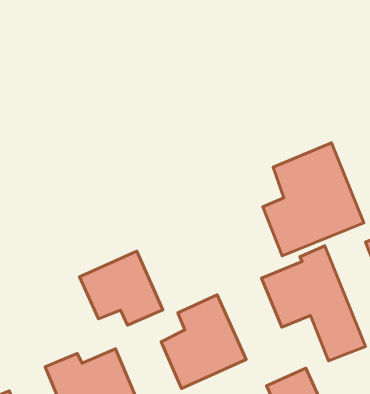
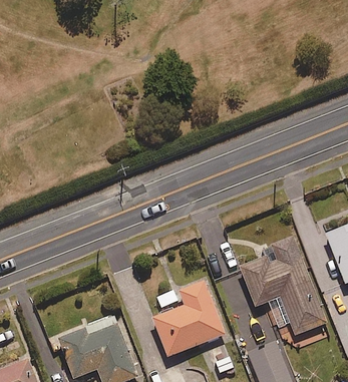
building: [263,143,364,256] -> none
building: [79,251,163,325] -> none

